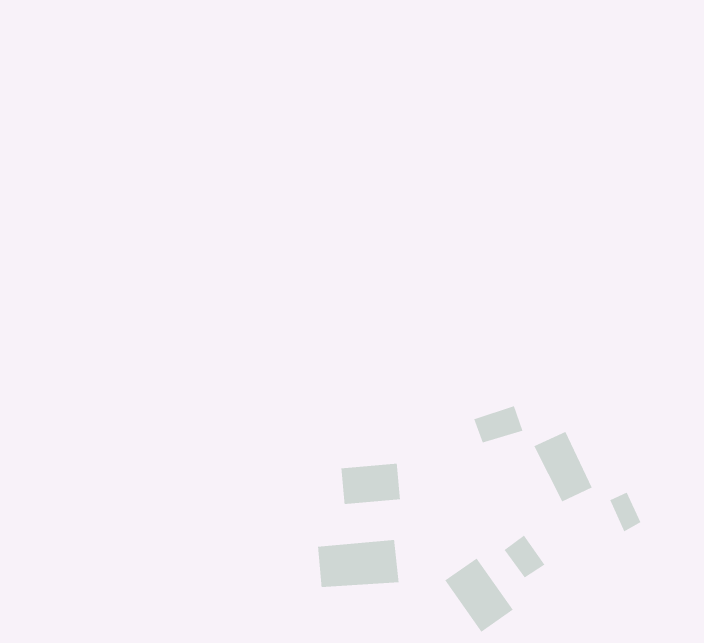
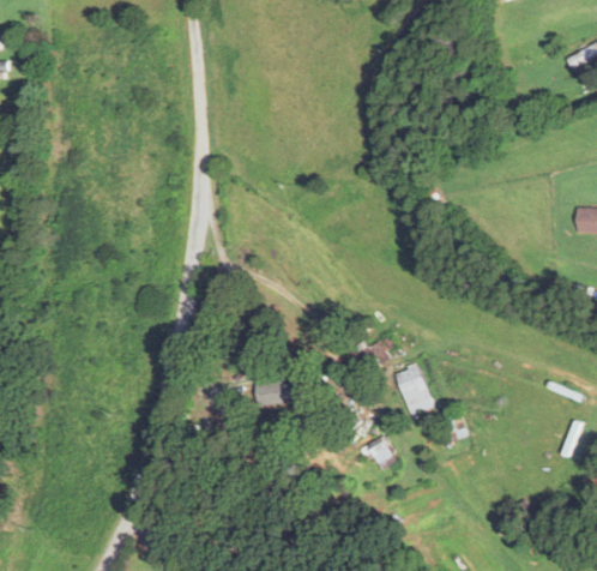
building: [317,539,400,588] -> none
building: [444,557,514,633] -> none

